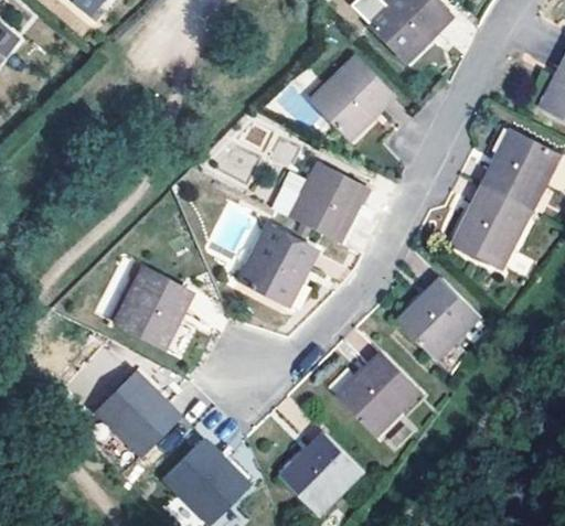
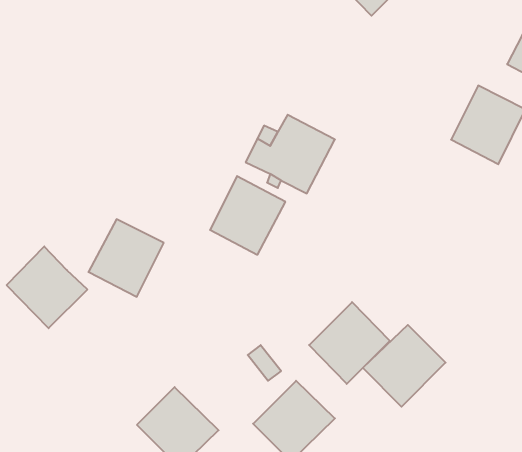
building: [308,55,392,139] -> none
building: [456,186,533,267] -> none
building: [397,278,482,362] -> [363,325,446,407]
building: [95,371,178,454] -> [7,246,87,328]

